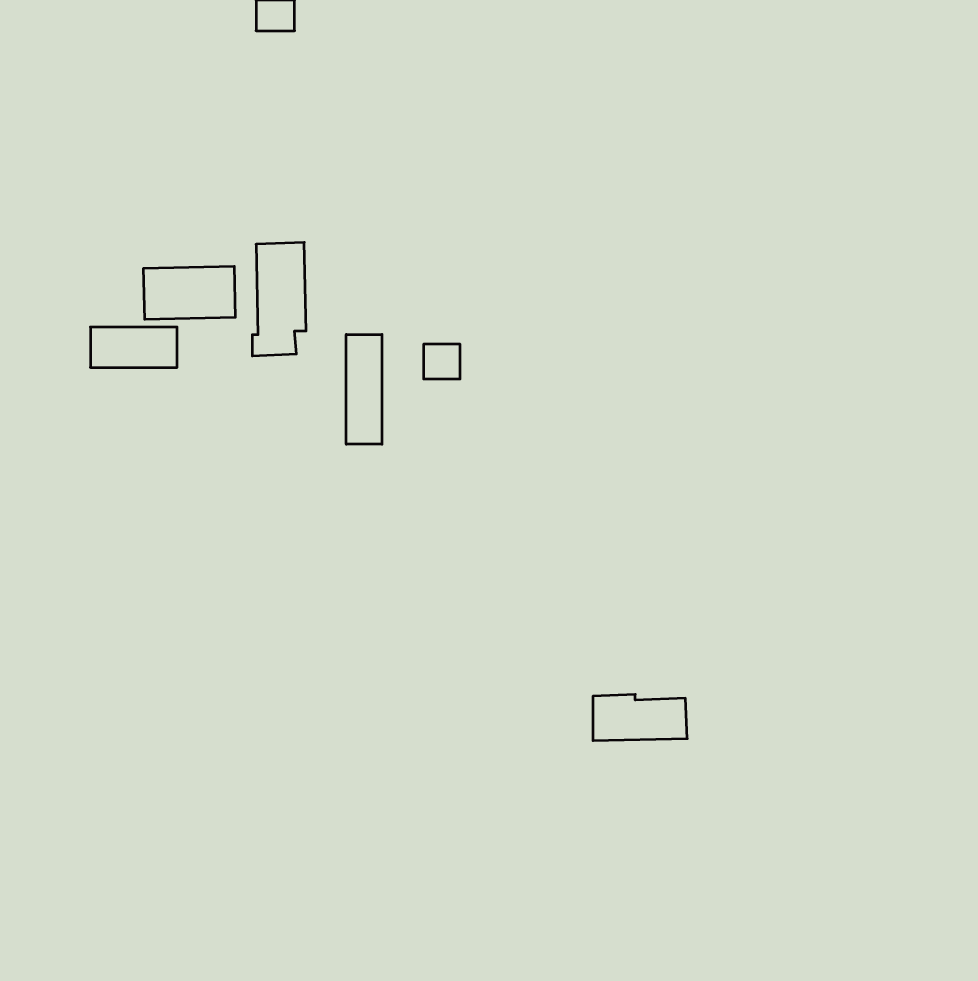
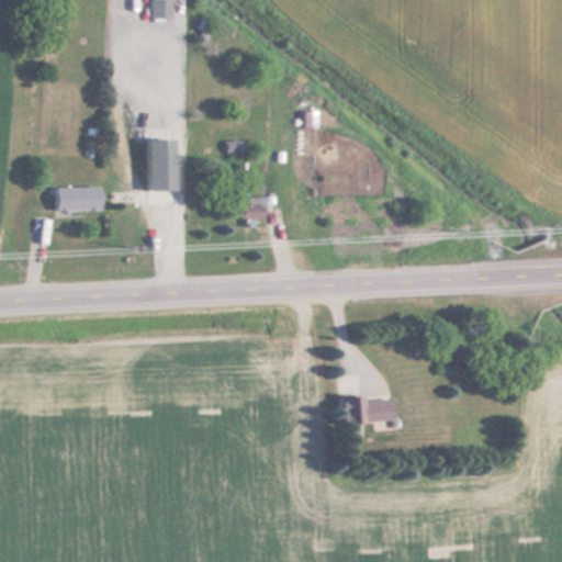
building: [144,266,235,319] -> none
building: [346,334,382,444] -> none

